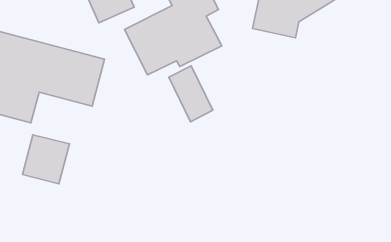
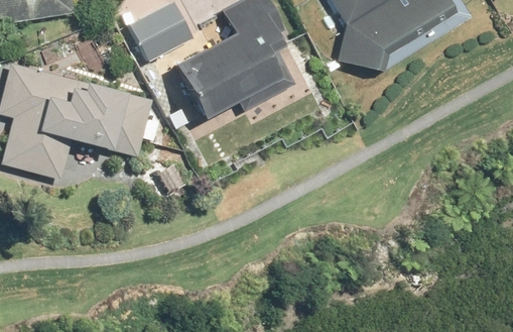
building: [169,66,213,122] -> none
building: [22,135,69,184] -> none

